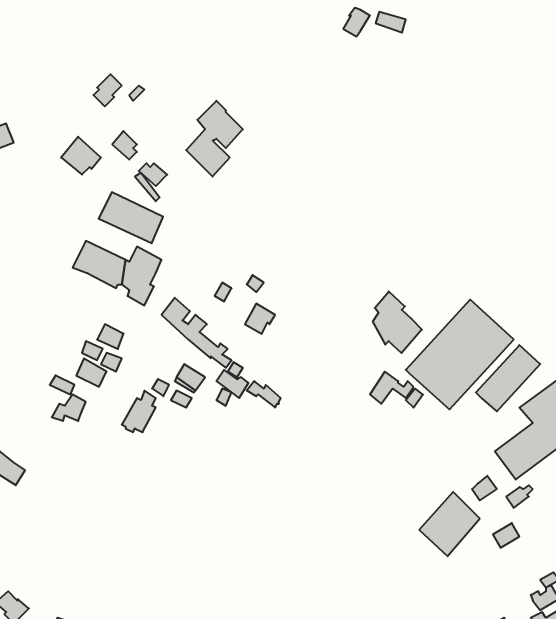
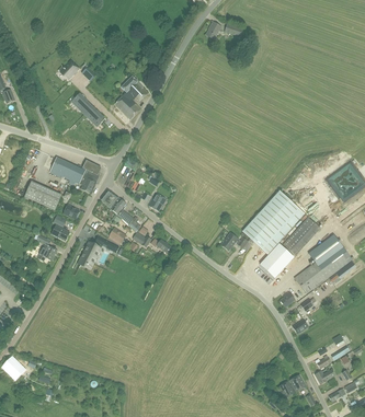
building: [99,192,163,243] -> [23,179,60,209]
building: [373,291,422,353] -> none
building: [419,492,480,556] -> [258,242,293,279]

